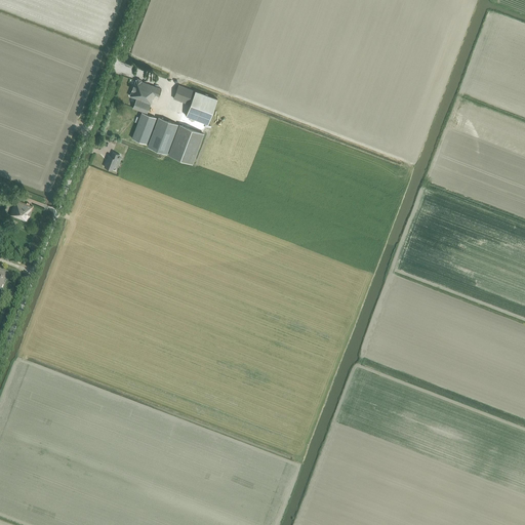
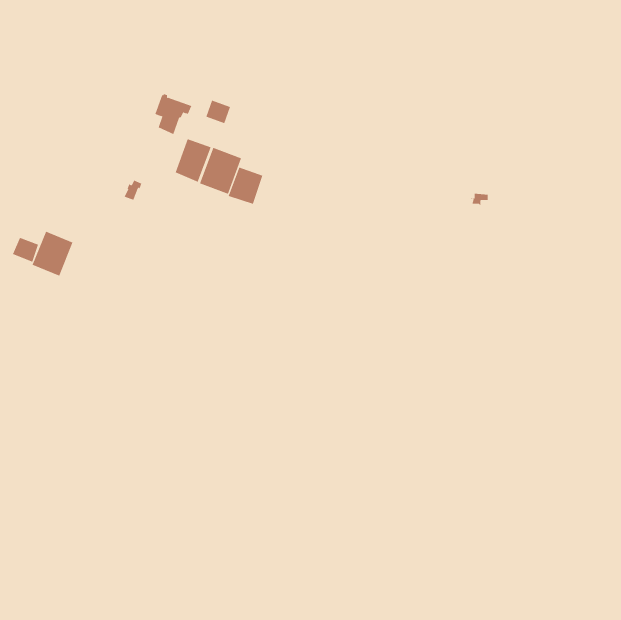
building: [186,92,215,124] -> [228,167,263,205]
building: [132,113,157,145] -> none
building: none -> [32,231,73,277]

